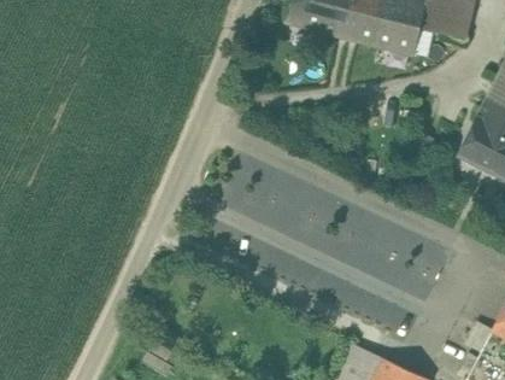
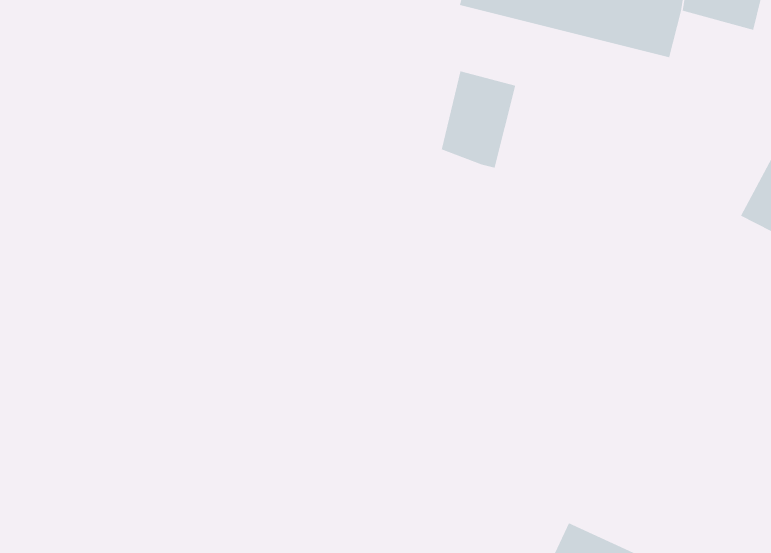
building: none -> [441,70,516,169]

